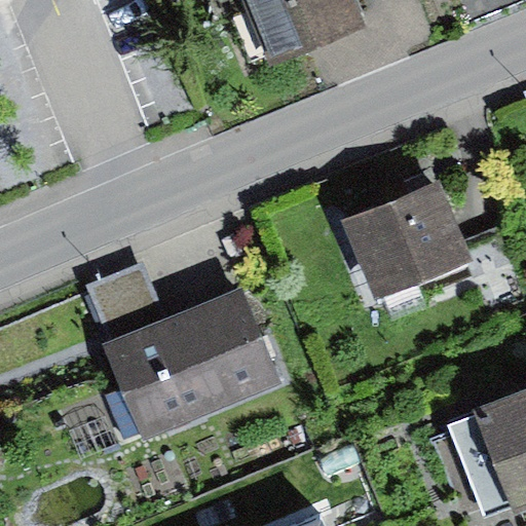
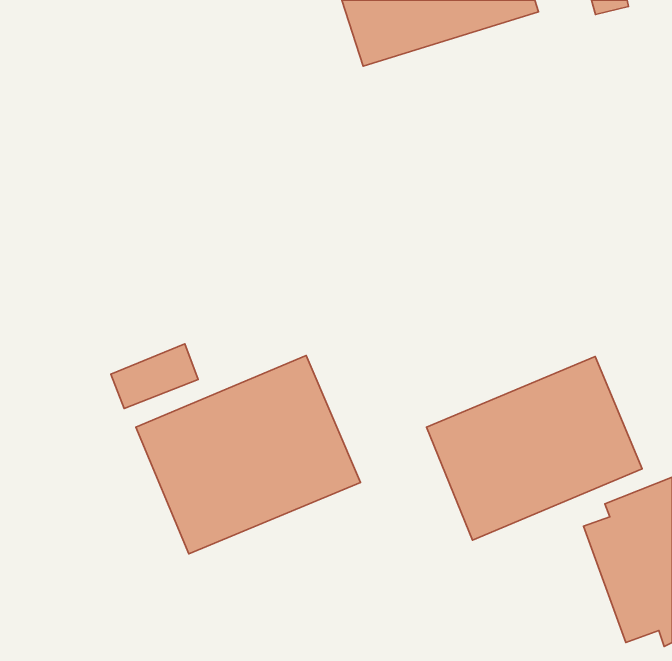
building: [339,175,471,298] -> none
building: none -> [426,357,642,540]

